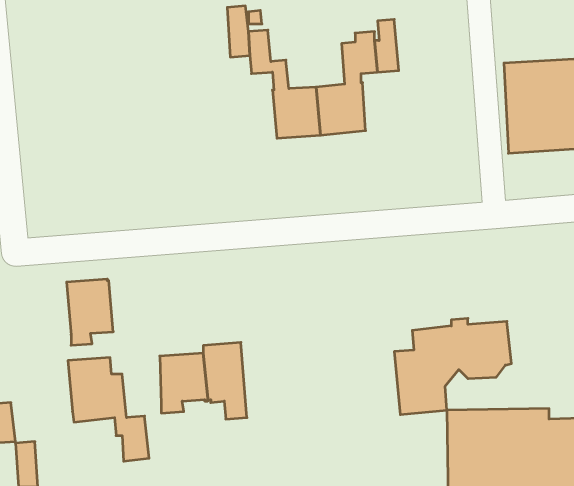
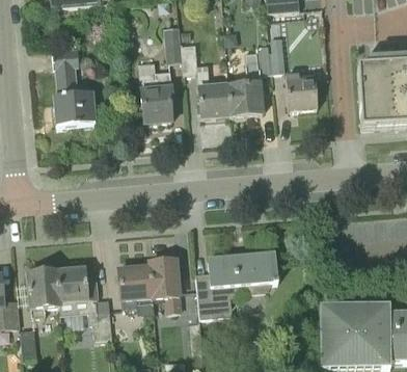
building: none -> [51,49,94,124]
building: none -> [140,60,174,122]
building: none -> [286,71,318,108]
building: [67,279,113,345] -> [28,269,60,315]
building: [394,318,511,415] -> [196,249,277,316]

